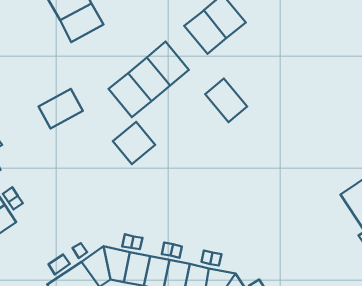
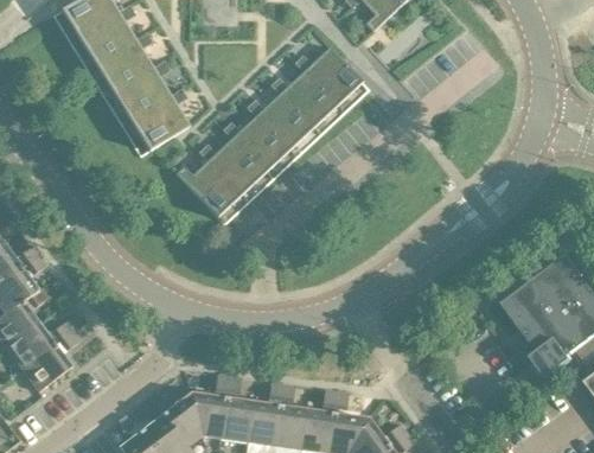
building: [205,78,247,122] -> [256,91,313,149]
building: [39,89,83,129] -> [130,96,190,151]
building: [113,122,155,164] -> none

